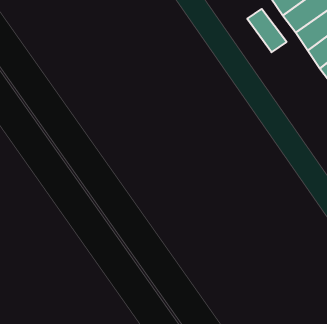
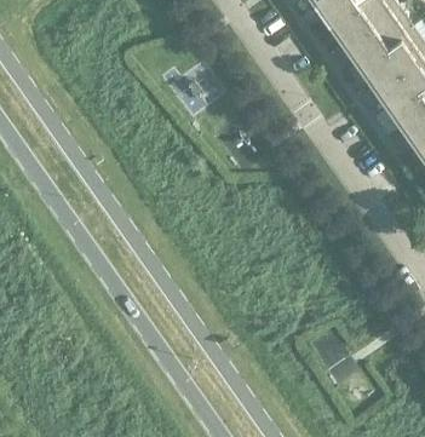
building: [247,9,286,52] -> none

